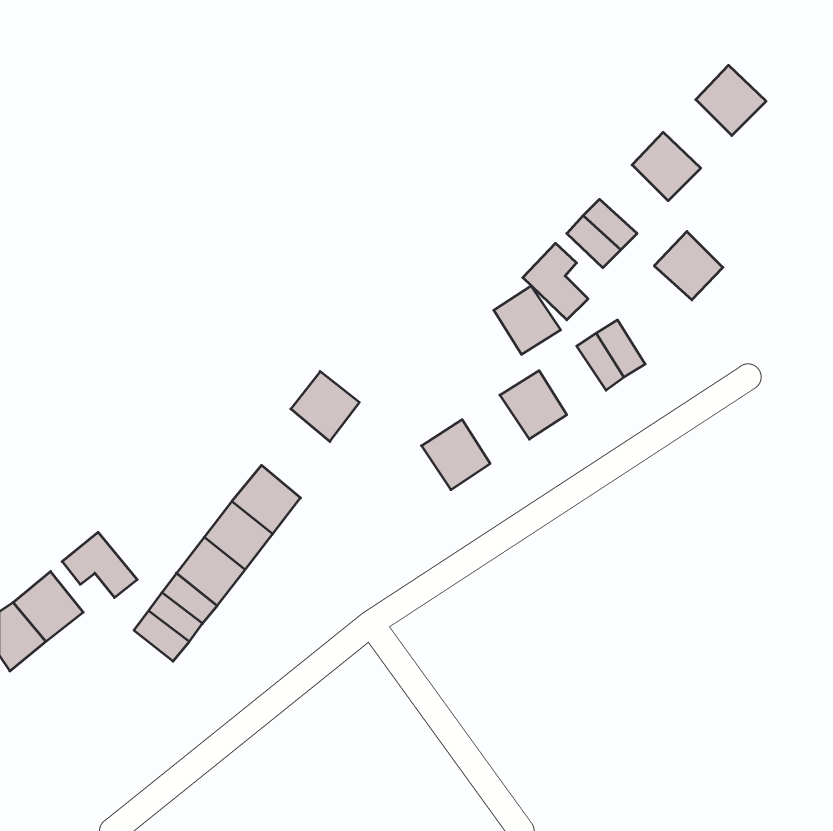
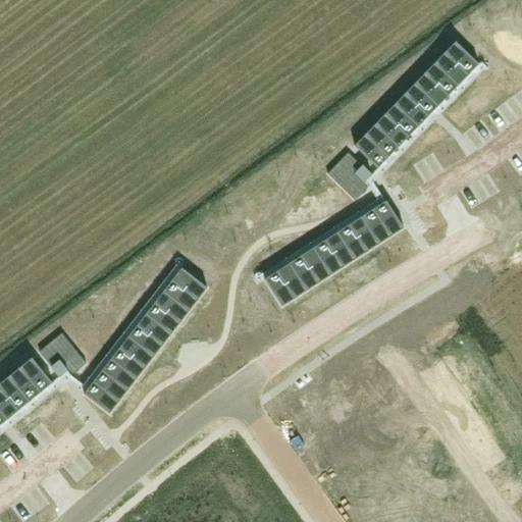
building: none -> [414,62,457,105]
building: [654,231,723,300] -> [374,103,417,146]
building: [494,286,561,354] -> [336,216,378,259]
building: [291,371,359,442] -> [163,267,206,311]
building: none -> [289,247,330,290]

